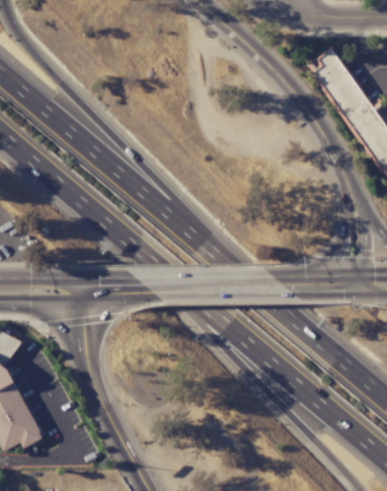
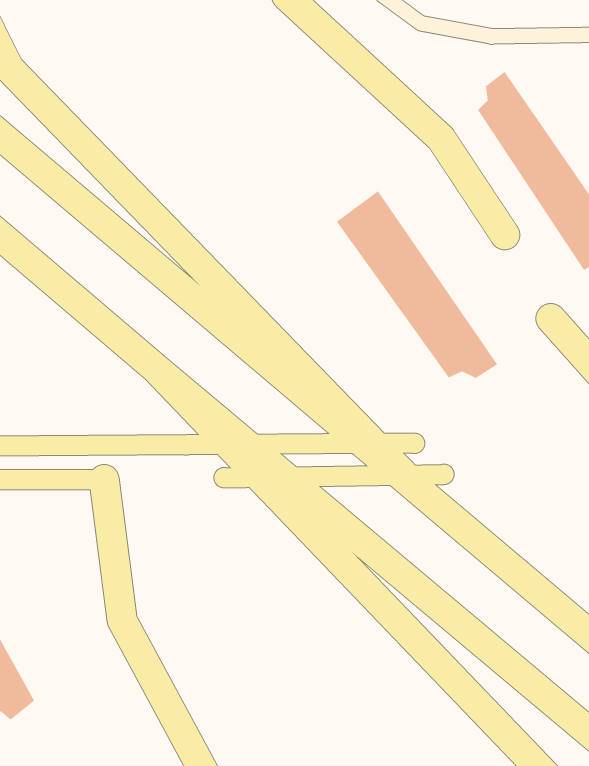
building: none -> [336,190,498,379]

